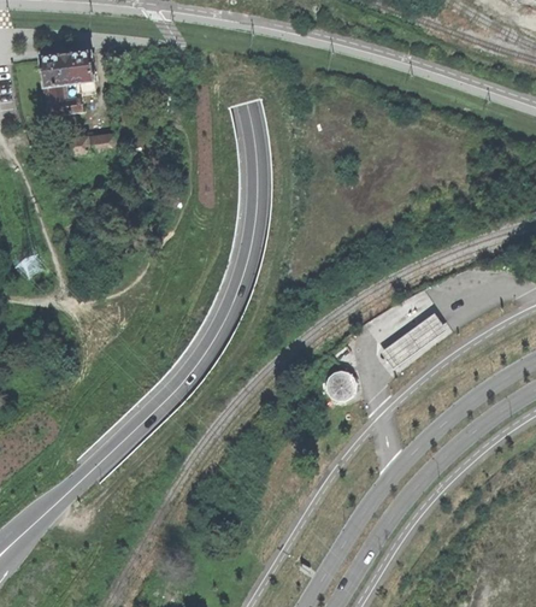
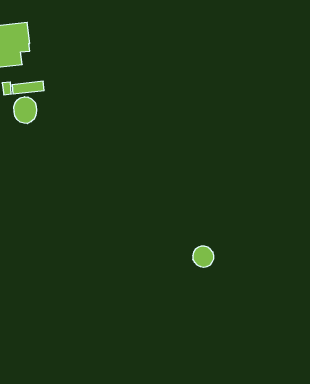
building: none -> [14,97,37,124]
building: [385,311,452,366] -> none

